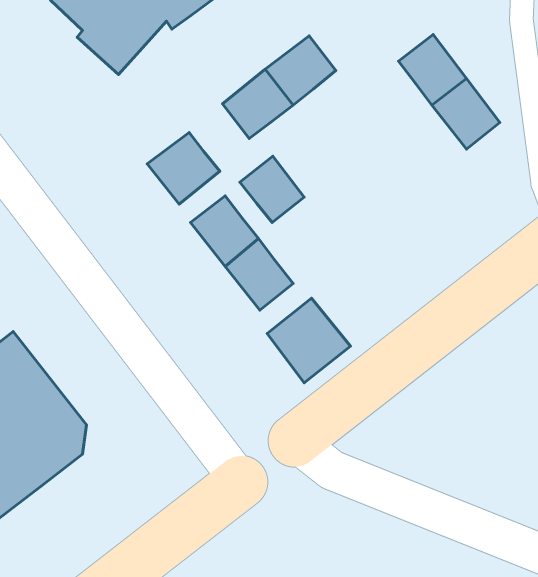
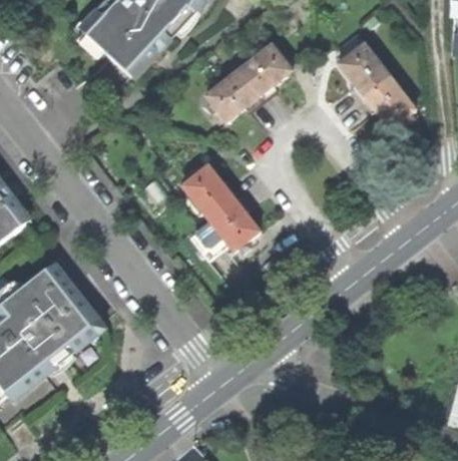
building: [147,133,220,204] -> none
building: [240,156,304,222] -> none
building: [267,298,351,383] -> none

